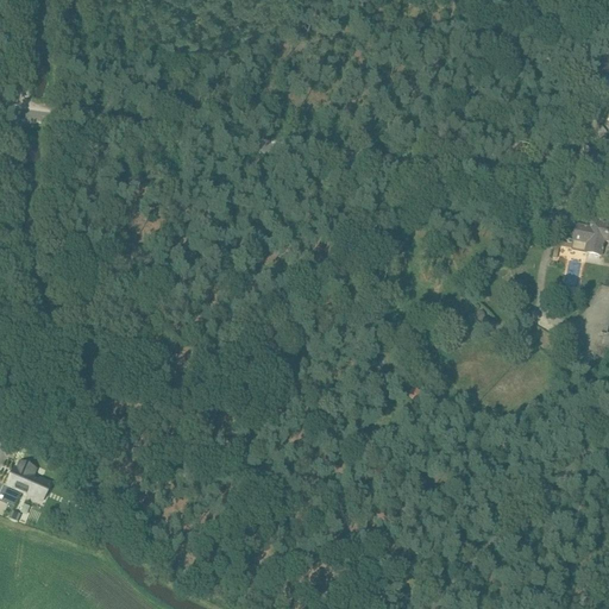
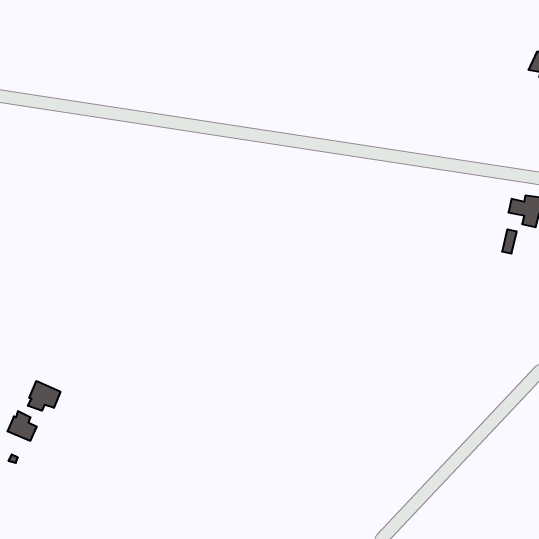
building: none -> [28,381,60,411]

